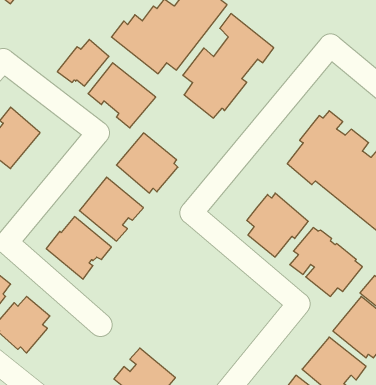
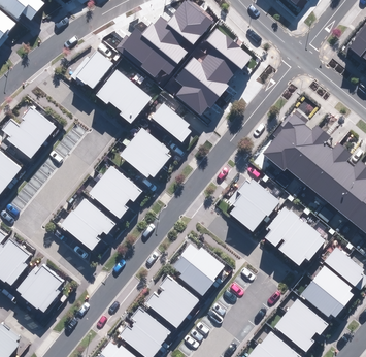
building: none -> [152,103,192,142]
building: none -> [174,244,225,296]
building: none -> [145,275,199,328]

